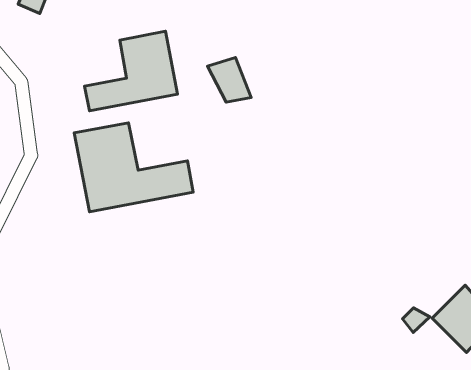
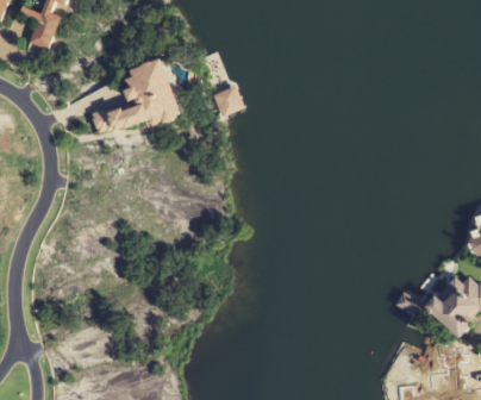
building: [74,123,193,212] -> none

